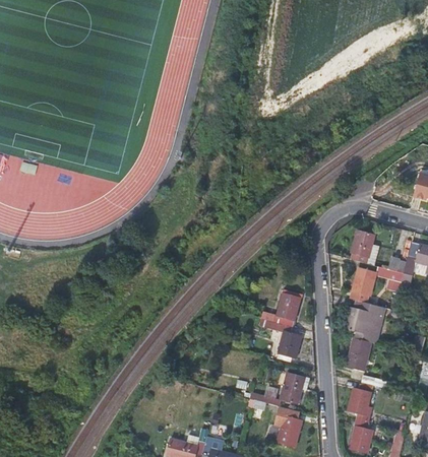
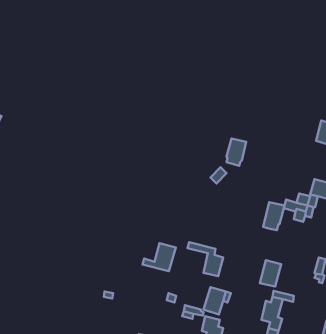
building: [350,232,373,264] -> [227,138,246,166]
building: [261,292,301,326] -> [142,243,176,271]
building: [344,302,384,345] -> none

